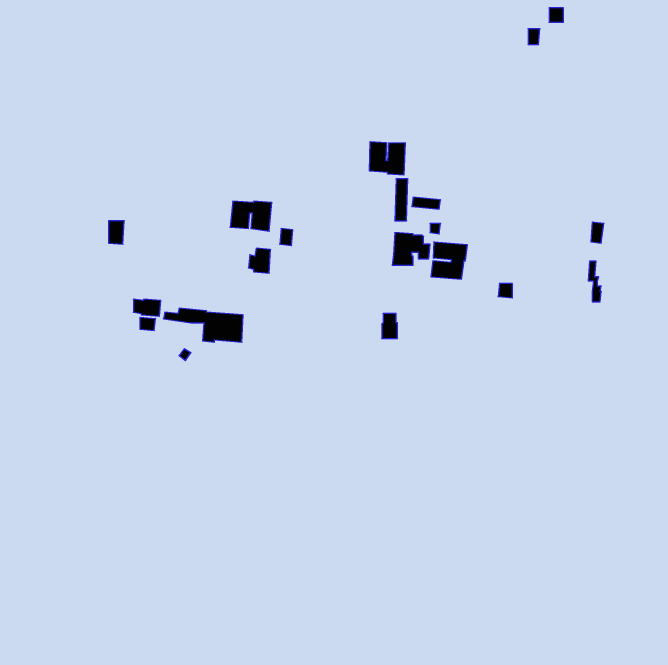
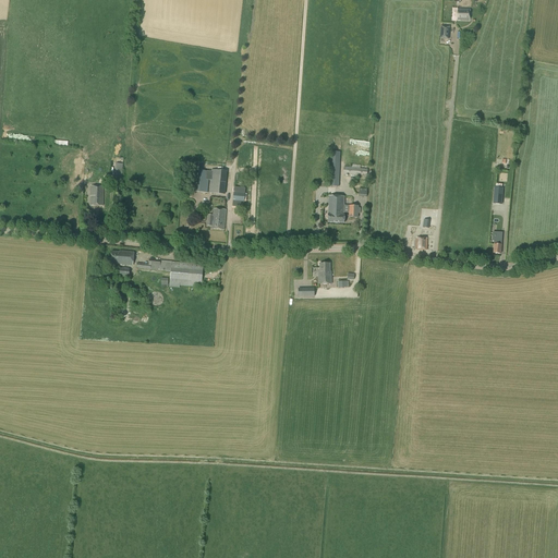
building: [369,142,405,175] -> none
building: [431,242,467,279] -> none

